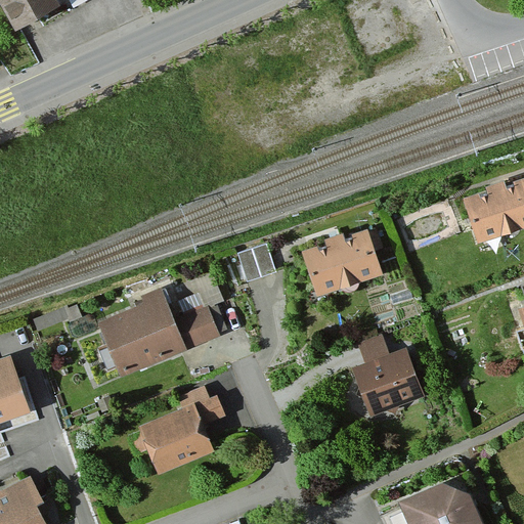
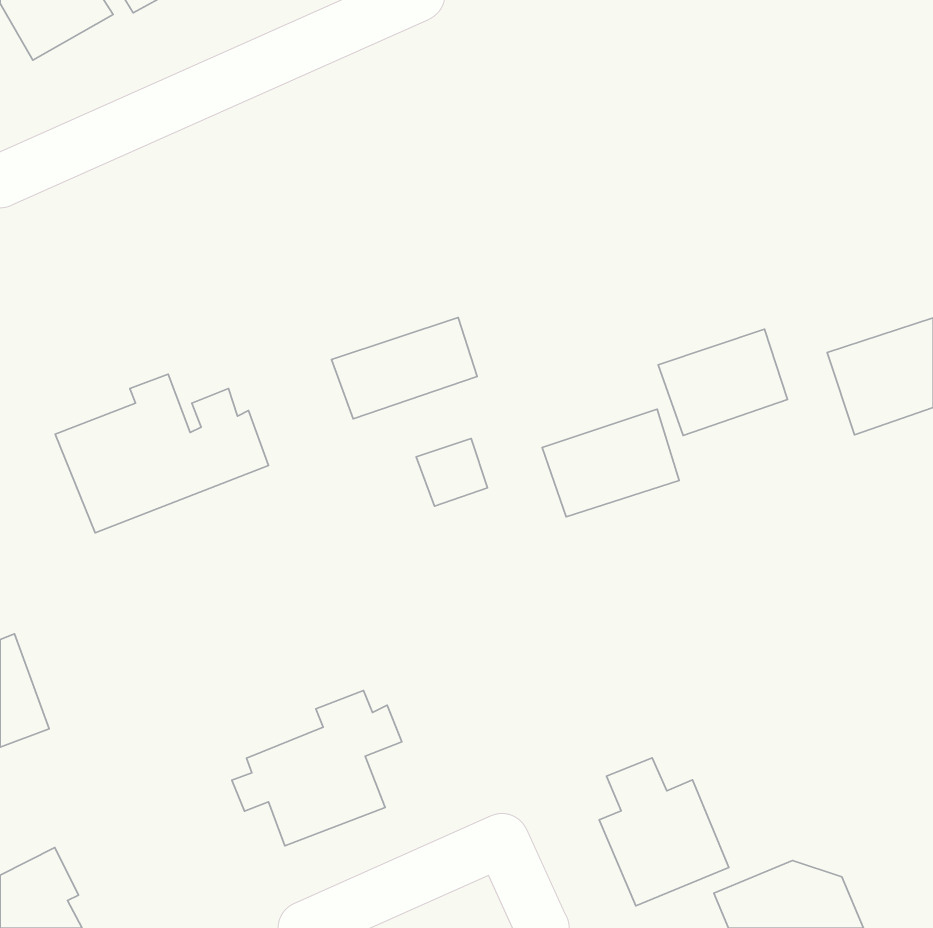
building: none -> [332,317,477,419]
building: none -> [658,329,787,435]
building: [98,287,218,376] -> [55,374,269,533]
building: [352,336,425,419] -> [599,758,729,906]

